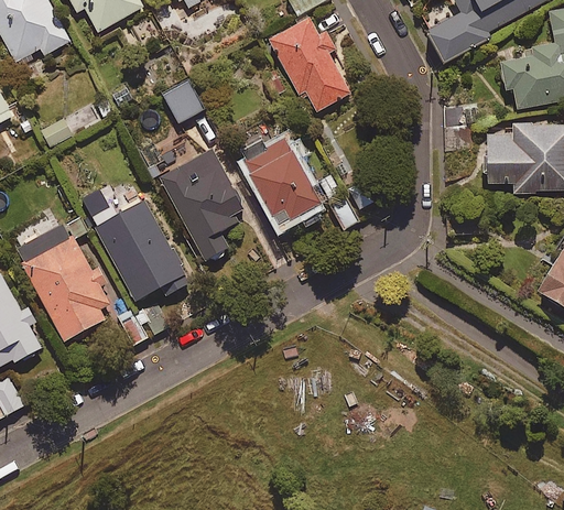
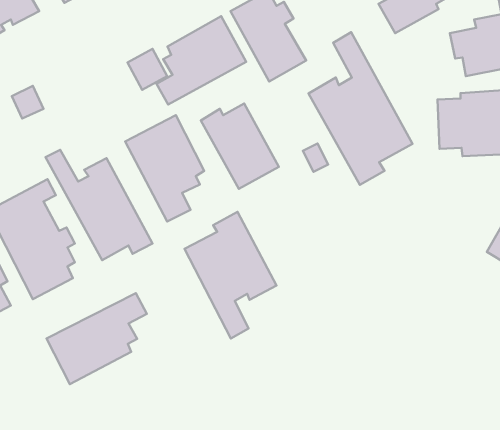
building: none -> [156,16,246,104]
building: none -> [309,32,413,185]
building: none -> [184,212,276,338]
building: none -> [47,293,147,384]

